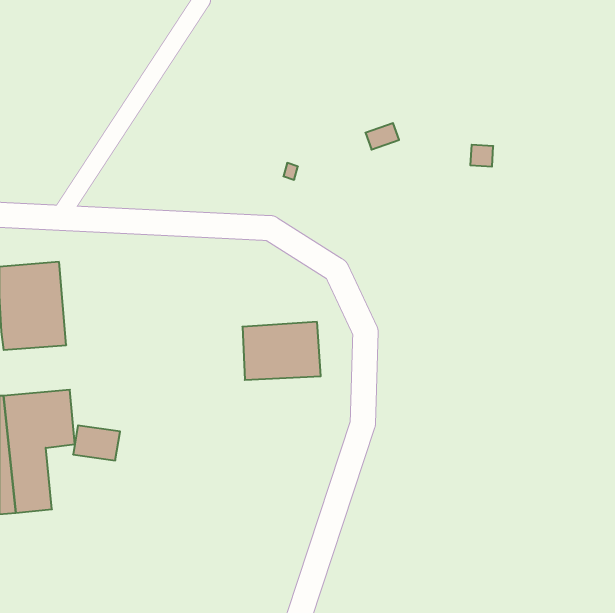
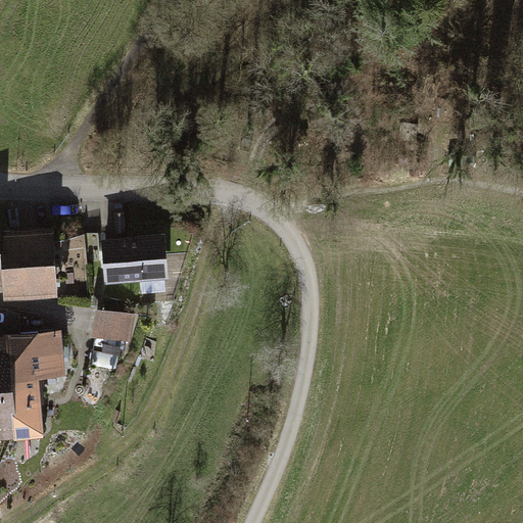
building: [242,322,321,380] -> [100,236,167,285]
building: [73,425,120,460] -> [90,311,130,340]

